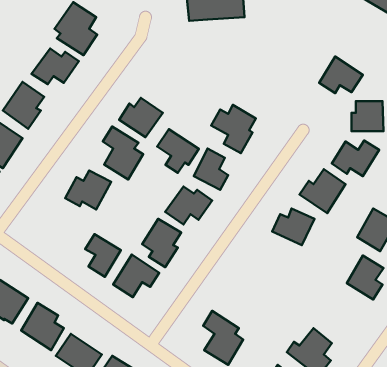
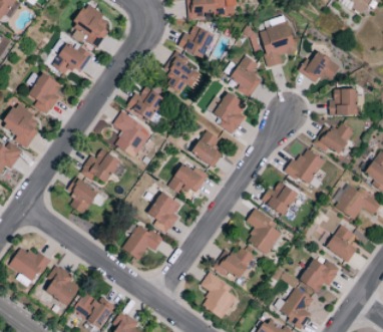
building: none -> [260,16,295,67]
building: none -> [177,25,214,58]
building: none -> [230,55,263,98]
building: [157,129,199,173] -> [162,55,199,93]
building: [85,234,121,277] -> [67,178,98,215]
building: none -> [246,209,282,255]
building: none -> [214,248,254,280]
building: none -> [300,255,340,292]

